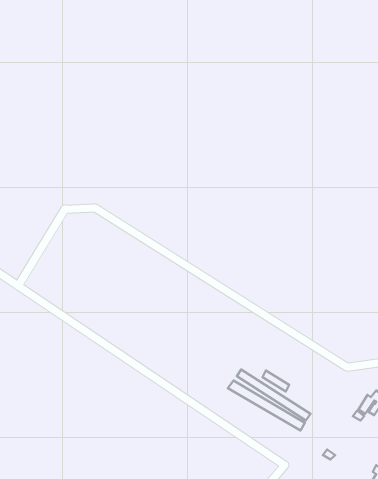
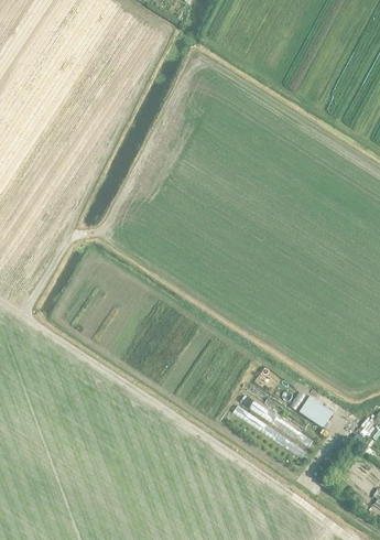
building: none -> [297,396,332,426]

